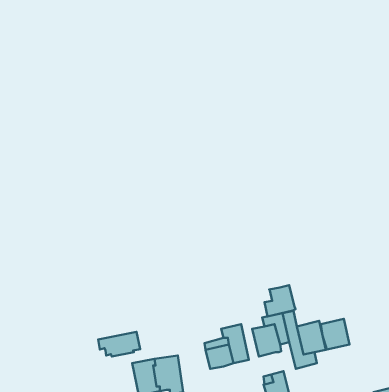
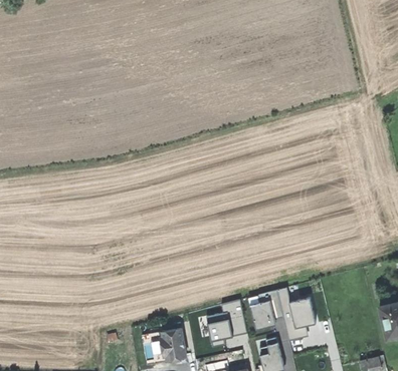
building: [265,285,296,316] -> none
building: [321,319,350,350] -> none
building: [98,332,140,356] -> none

